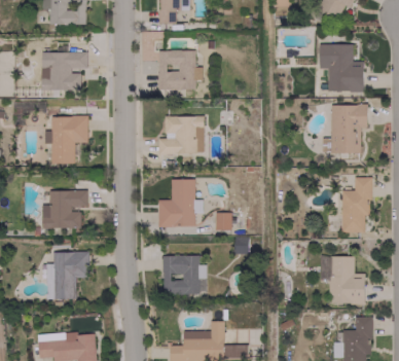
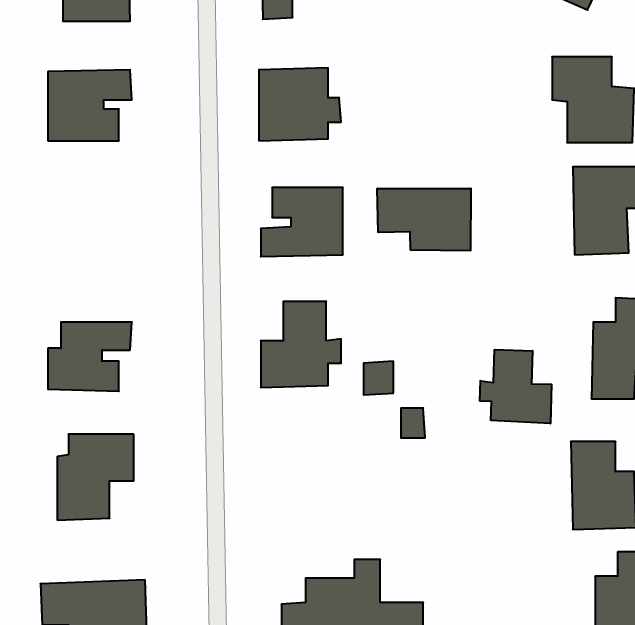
building: [51,116,87,164] -> none
building: none -> [377,188,471,251]
building: none -> [480,350,551,424]
building: [162,255,207,294] -> none

